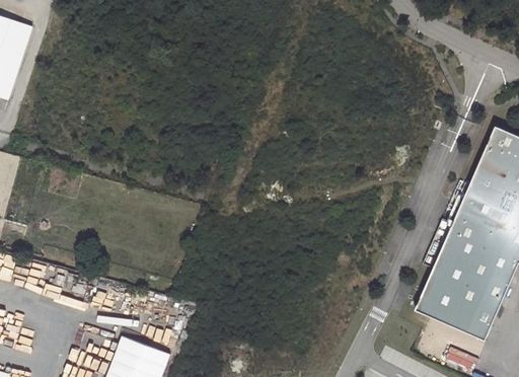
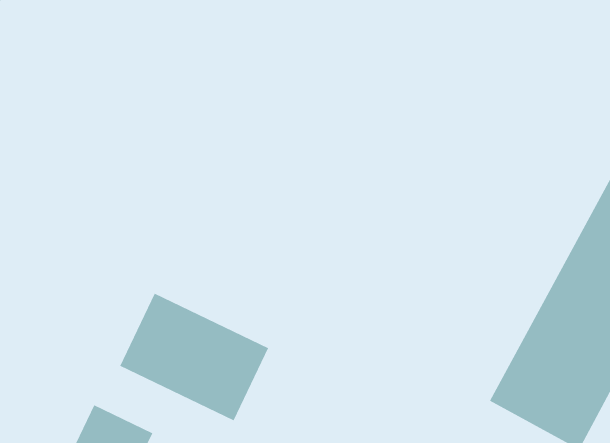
building: none -> [119,293,269,421]

